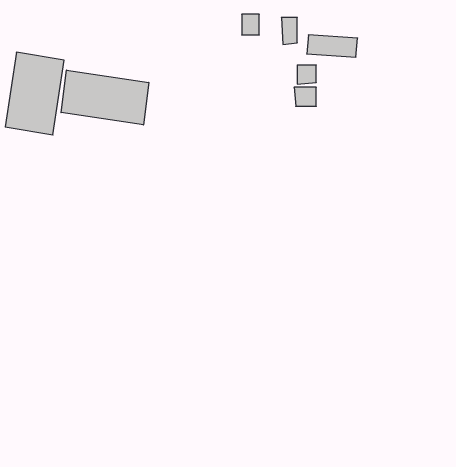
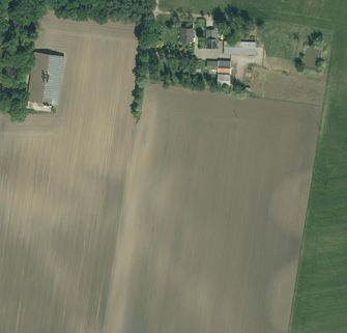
building: [61,70,149,125] -> none

